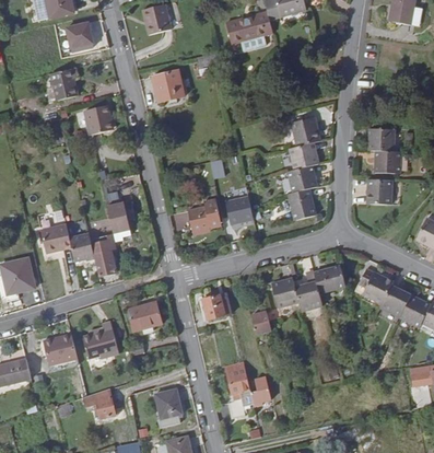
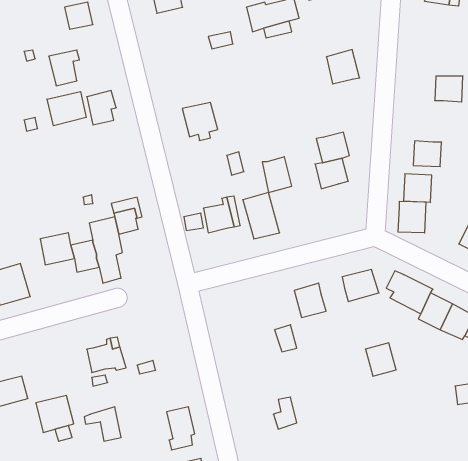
building: [150,68,181,102] -> [182,102,218,140]
building: none -> [47,92,86,126]
building: [290,114,319,144] -> [326,50,360,84]
building: [368,126,394,149] -> [435,76,463,102]
building: [289,186,315,218] -> [262,157,292,192]
building: none -> [398,201,426,233]
building: [293,279,320,309] -> [365,343,396,376]
building: [203,294,232,318] -> none
building: [129,303,162,332] -> none
building: [44,330,78,363] -> [36,396,74,432]
building: [225,361,250,397] -> none

